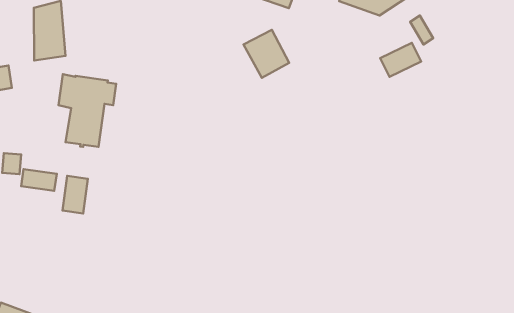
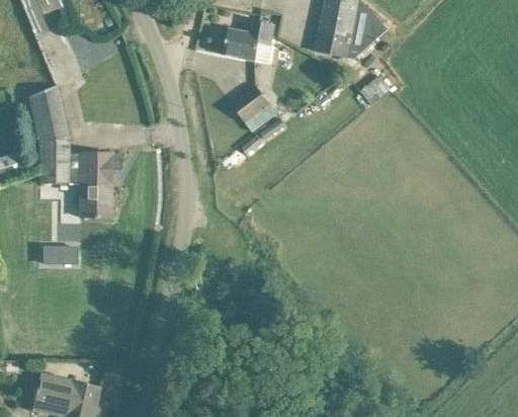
building: none -> [39,136,68,182]
building: [62,176,88,213] -> none

